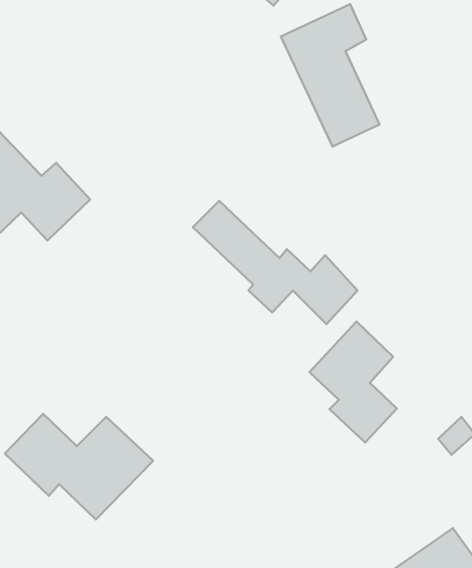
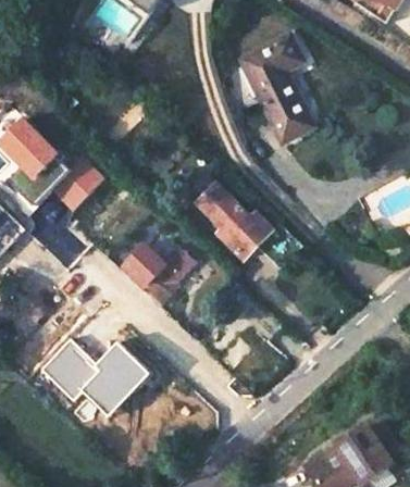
building: none -> [117,239,195,305]
building: [309,321,397,442] -> none

